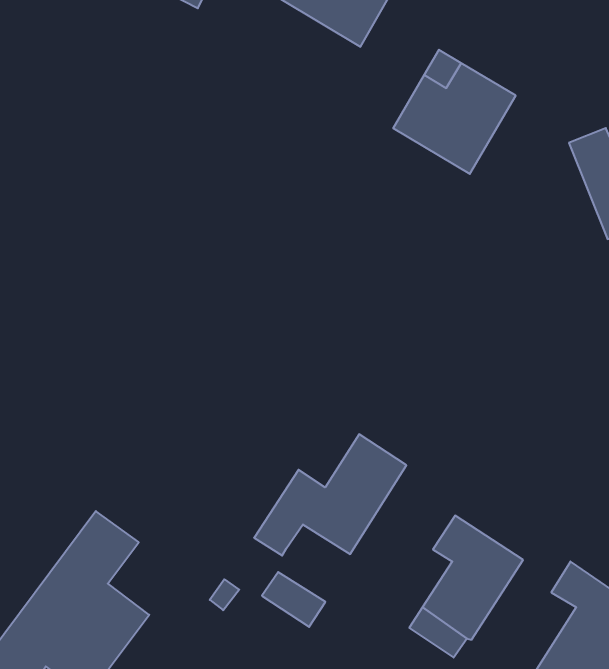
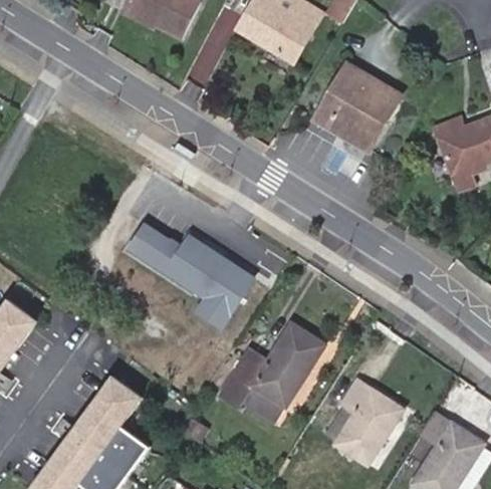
building: none -> [121,222,258,334]
building: [262,572,325,627] -> [241,386,284,423]

